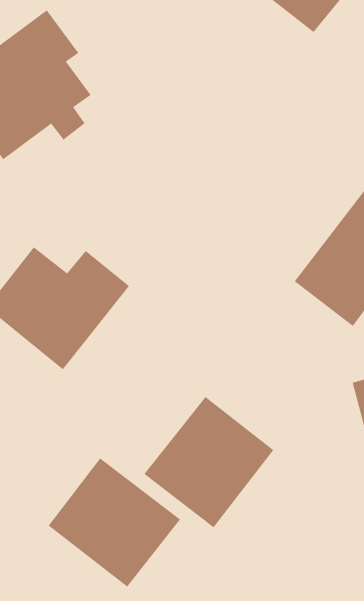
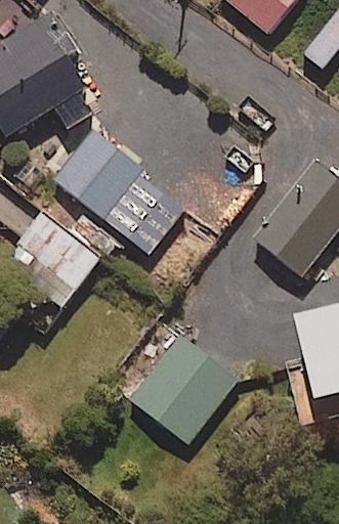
building: none -> [52,130,182,254]
building: [48,458,181,587] -> none

